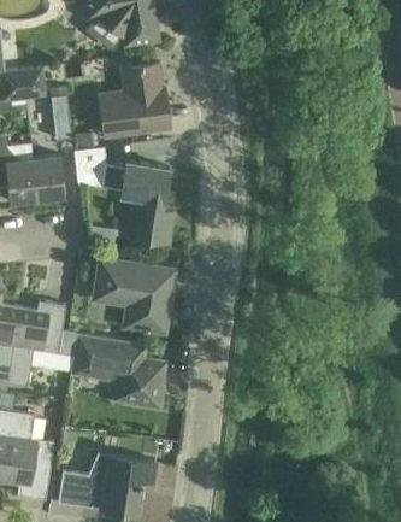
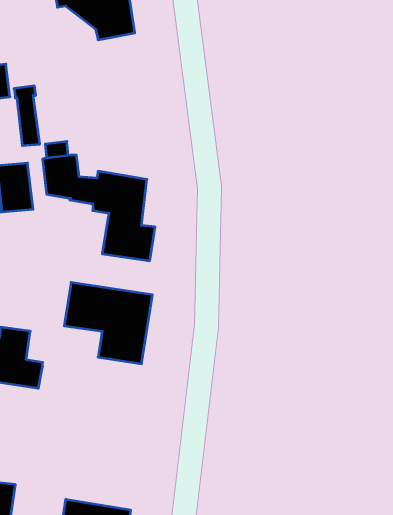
building: [100,65,171,139] -> none
building: [70,336,165,411] -> none

